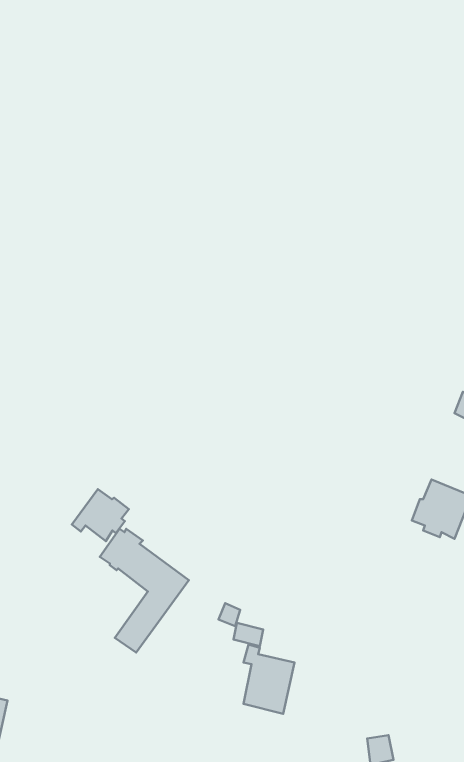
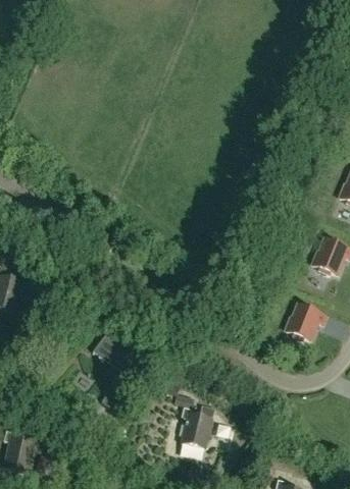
building: [72,489,129,541] -> none

